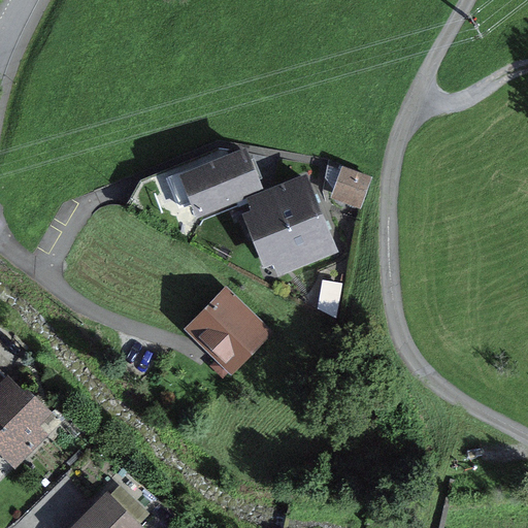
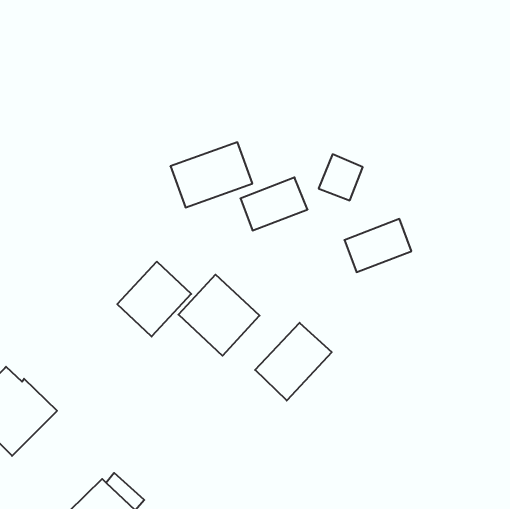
building: [260,219,329,273] -> [344,219,411,272]
building: none -> [117,262,191,337]
building: none -> [255,323,332,401]

